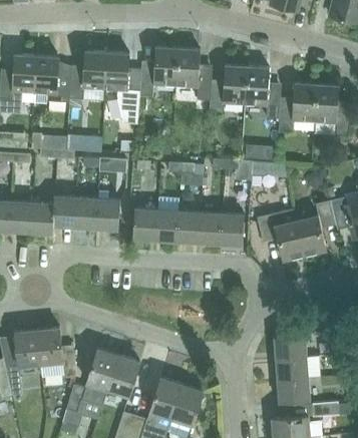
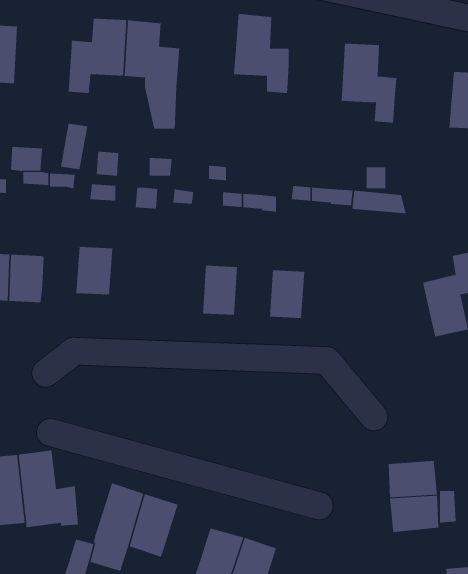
building: [139,47,178,96] -> none
building: [34,56,71,103] -> none
building: [210,65,247,114] -> none
building: [279,83,317,133] -> none
building: [53,196,76,228] -> none
building: [96,198,119,231] -> none
building: [133,208,157,241] -> none
building: [257,208,305,262] -> none
building: [176,210,201,243] -> none
building: [220,213,244,246] -> none
building: [278,378,310,403] -> none

